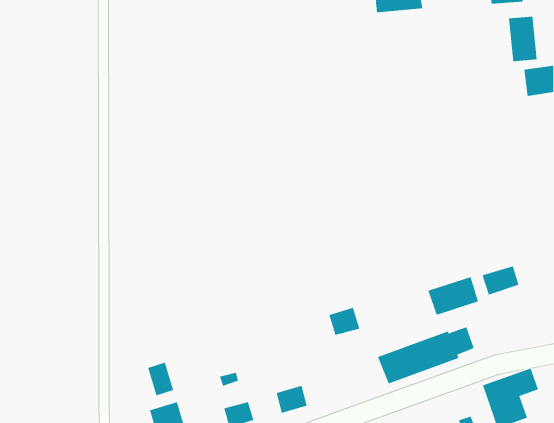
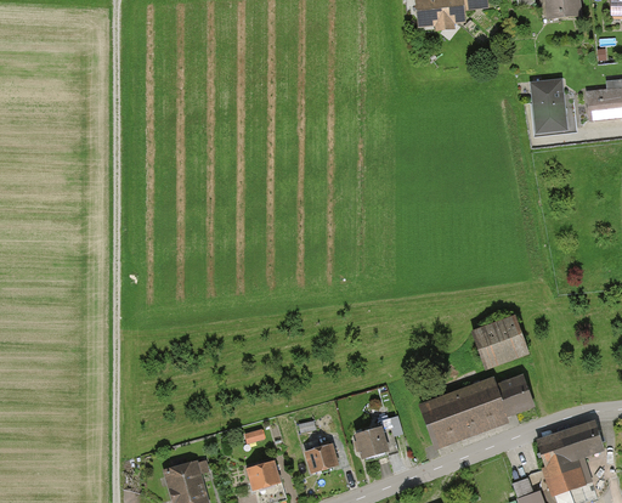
building: [508,16,538,62] -> [530,80,562,131]
building: [482,266,519,295] -> none
building: [328,307,360,335] -> [360,426,395,458]
building: [148,362,174,396] -> none

